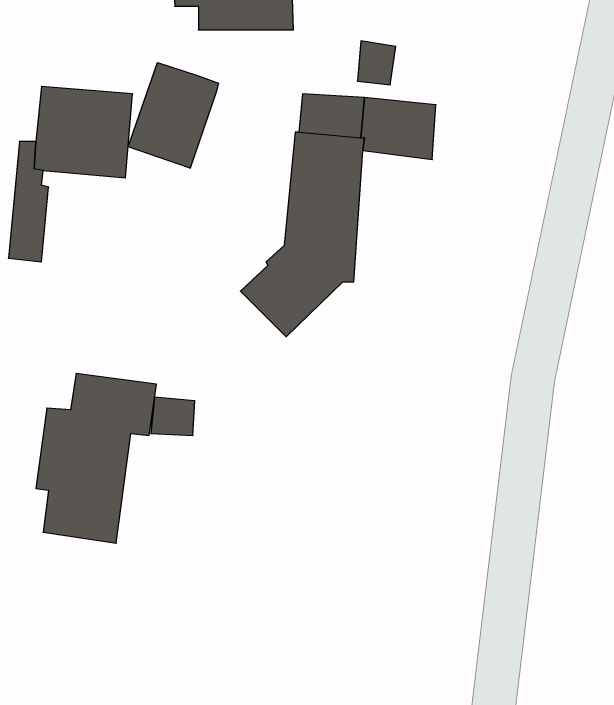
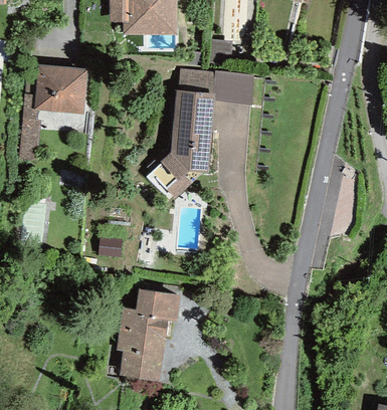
building: [128,63,218,168] -> none
building: [36,373,156,543] -> [116,287,182,381]

